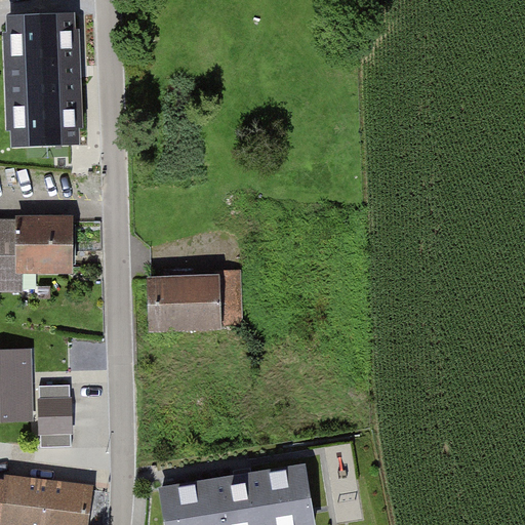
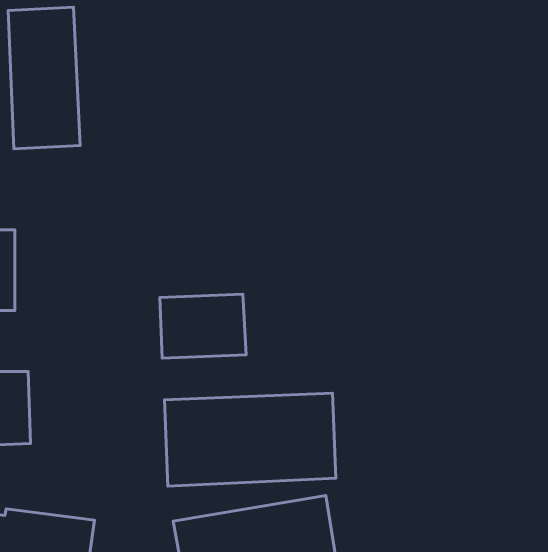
building: [19,214,74,277] -> none
building: none -> [164,393,336,486]
building: [39,383,71,446] -> none

